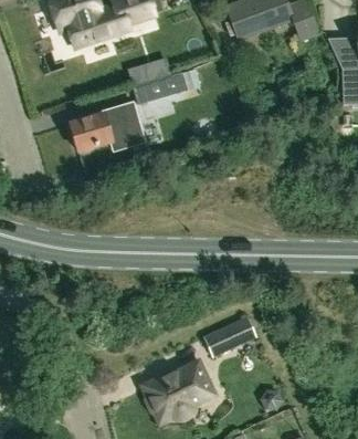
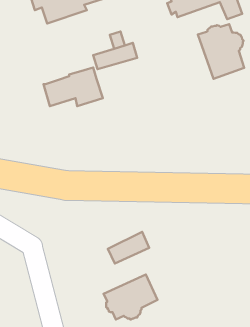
building: none -> [198,24,244,79]
building: [204,316,256,356] -> [108,232,149,264]

